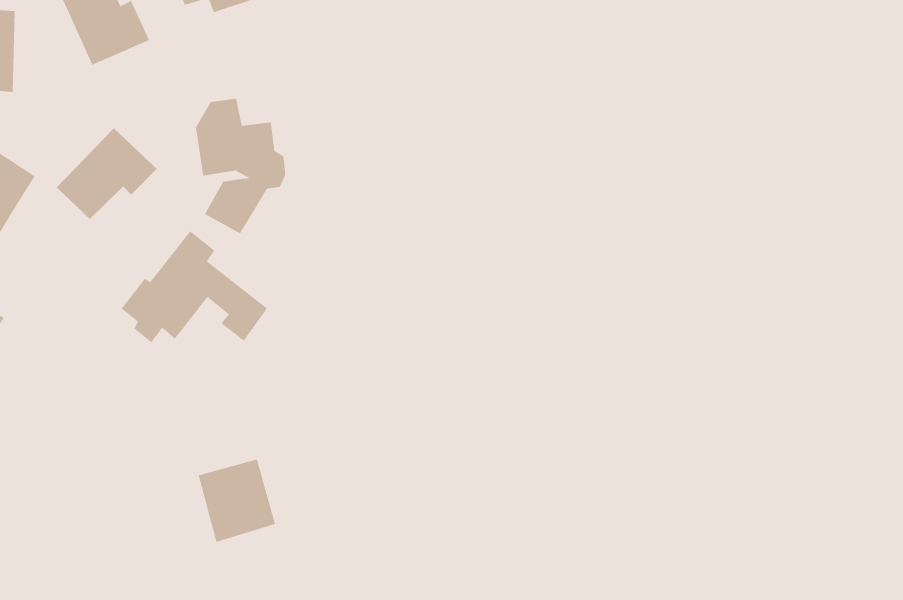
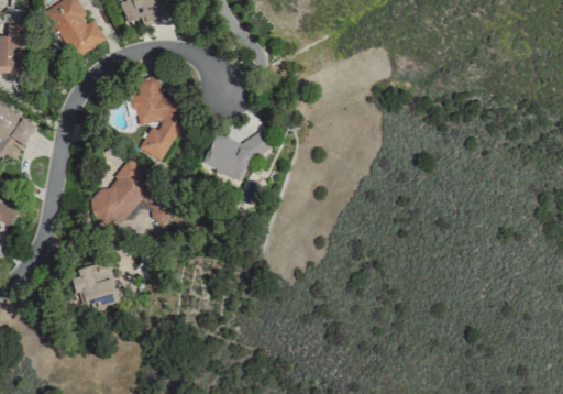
building: [56,127,158,220] -> none
building: none -> [201,132,269,182]
building: [198,459,276,542] -> [69,261,117,311]

